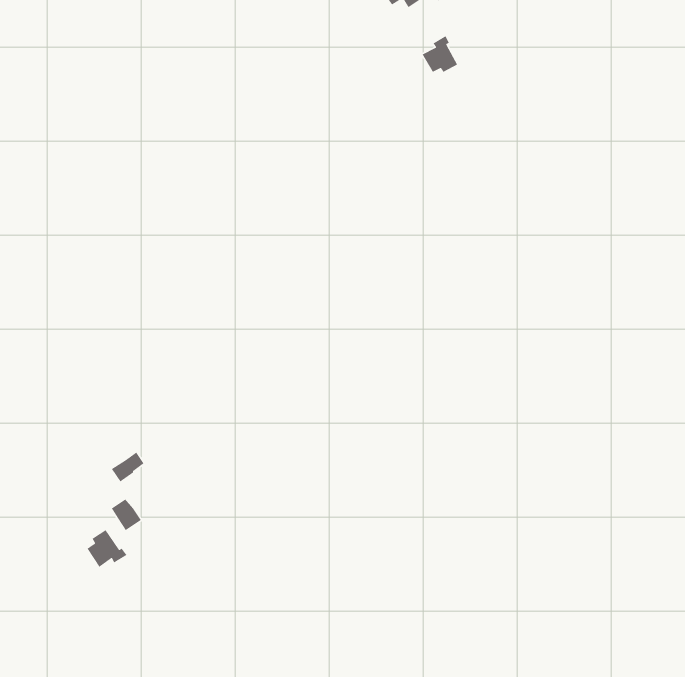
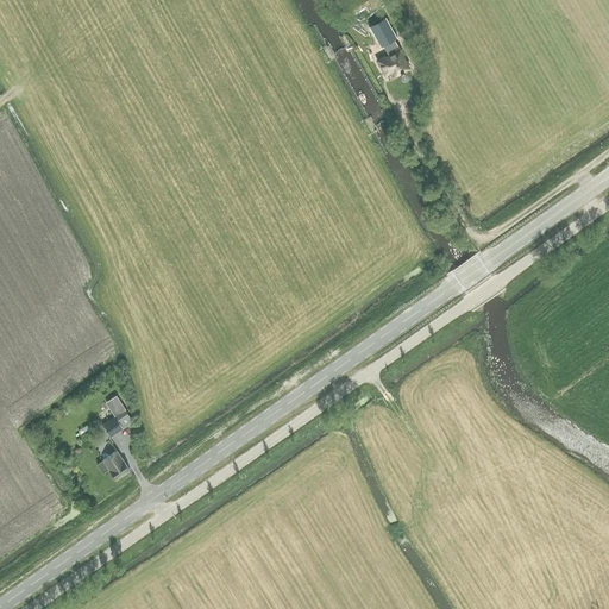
building: [87,529,128,568] -> none

